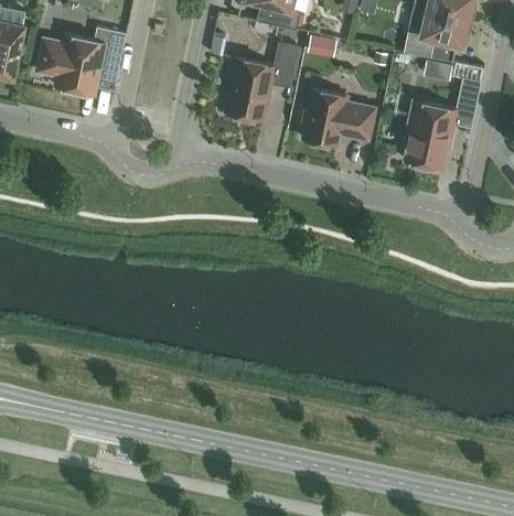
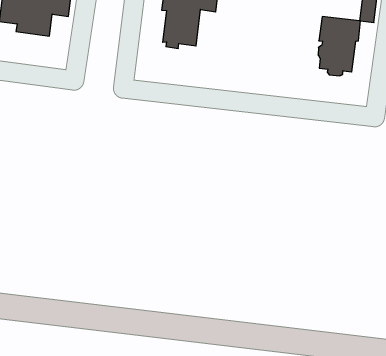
building: [301,89,375,146] -> none

